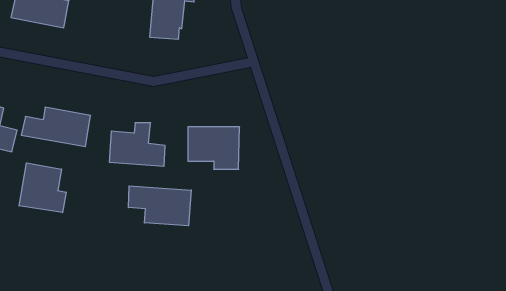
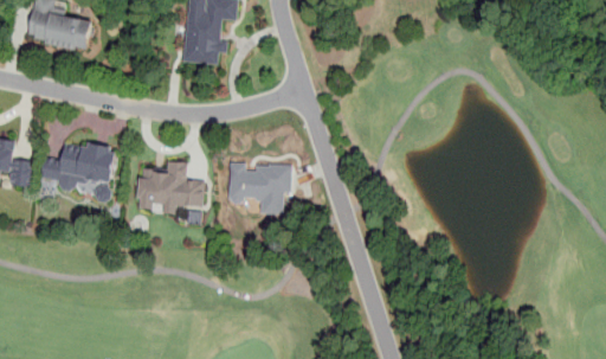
building: [19,163,66,213] -> none
building: [128,186,191,226] -> none

